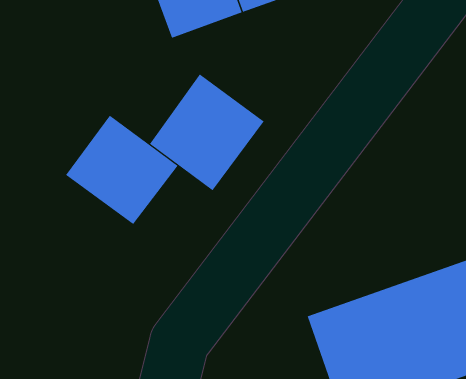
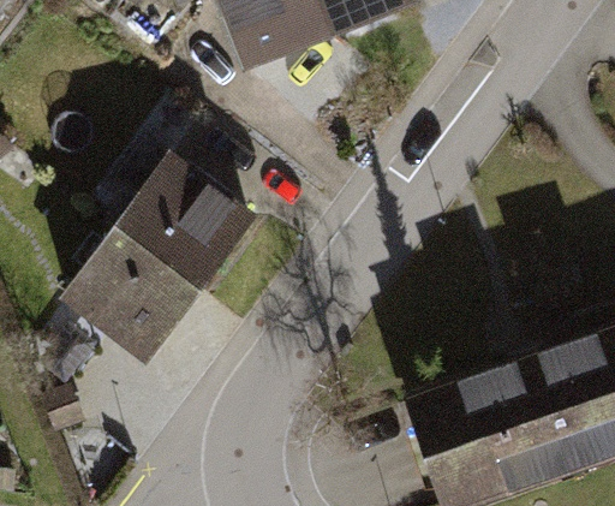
building: [149,74,264,191] -> none
building: none -> [65,227,199,359]

